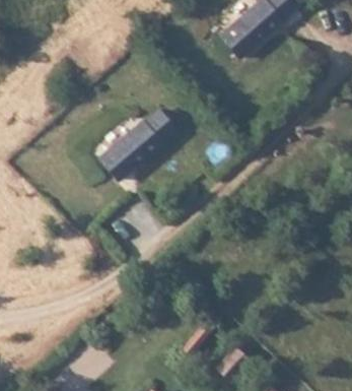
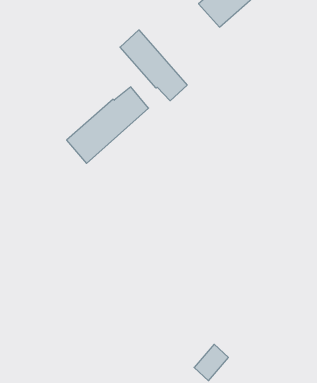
building: none -> [120,30,187,101]

